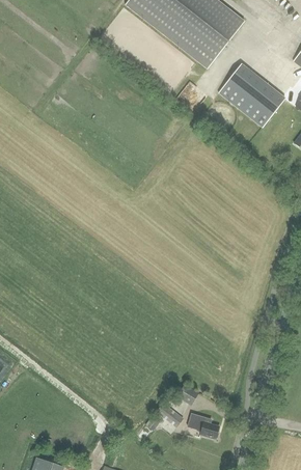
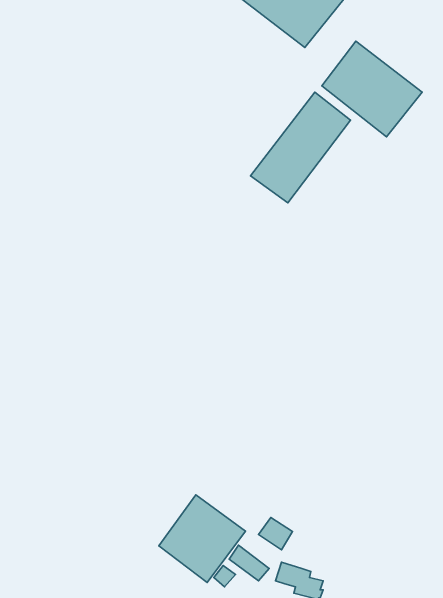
building: none -> [251,92,351,203]
building: none -> [159,495,246,582]

